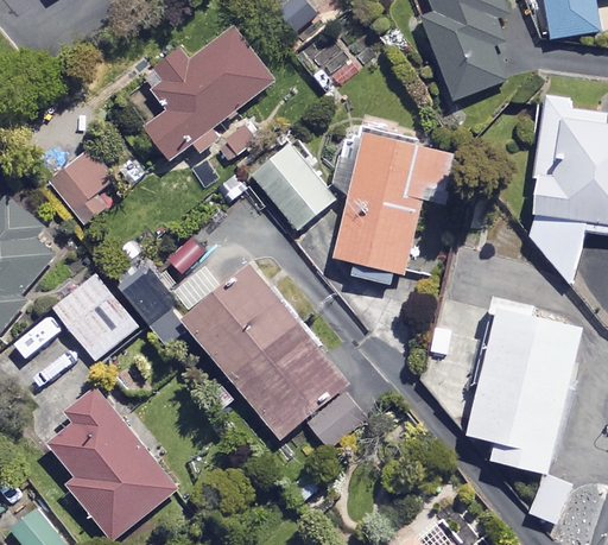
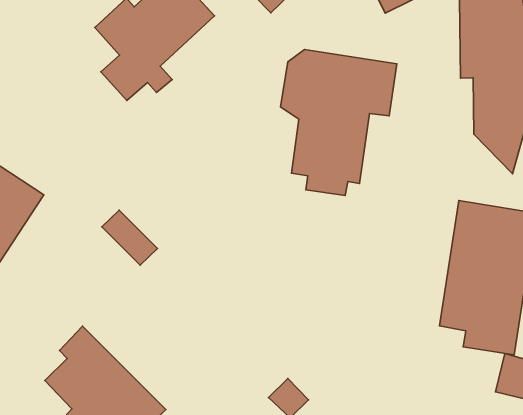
building: [251,142,331,228] -> none
building: [50,152,113,223] -> none
building: [50,270,137,360] -> none
building: [189,271,368,446] -> none

